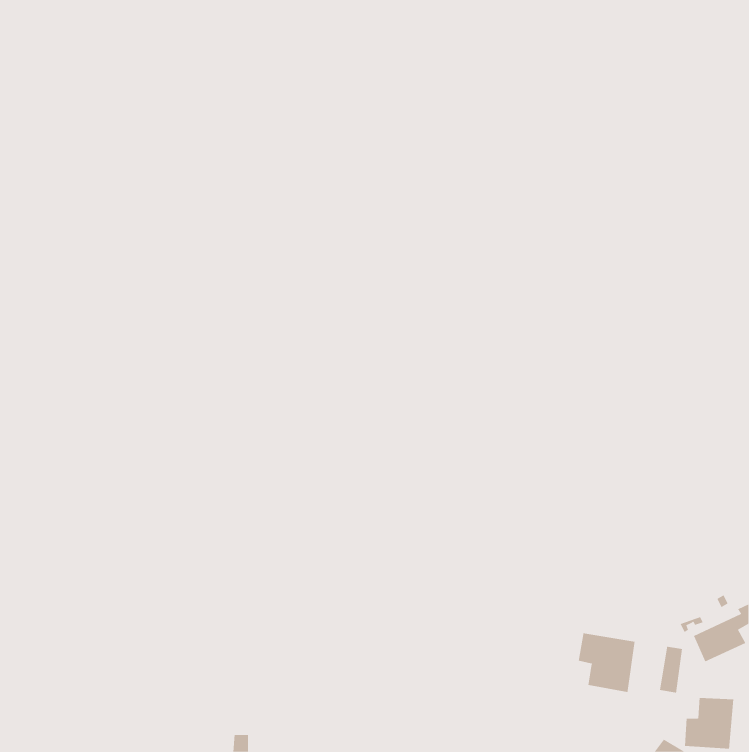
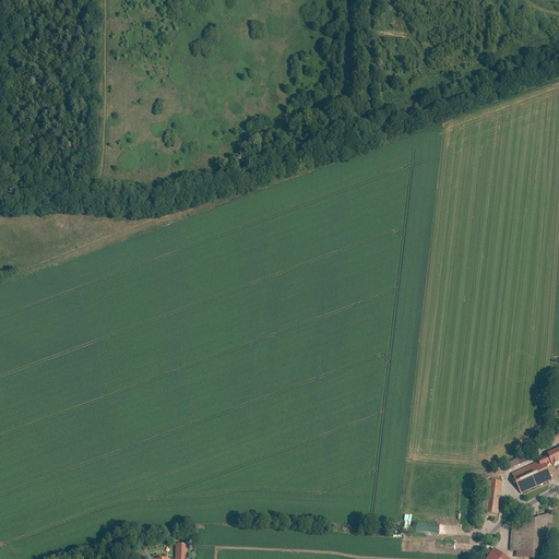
building: [578,632,635,693] -> none

